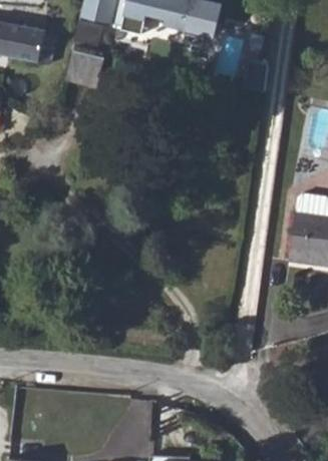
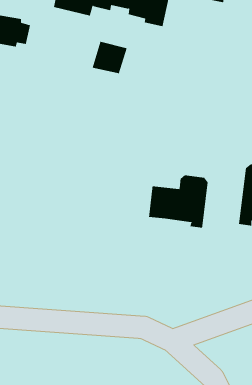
building: [65,50,105,87] -> [92,41,127,74]
building: none -> [149,174,208,229]

